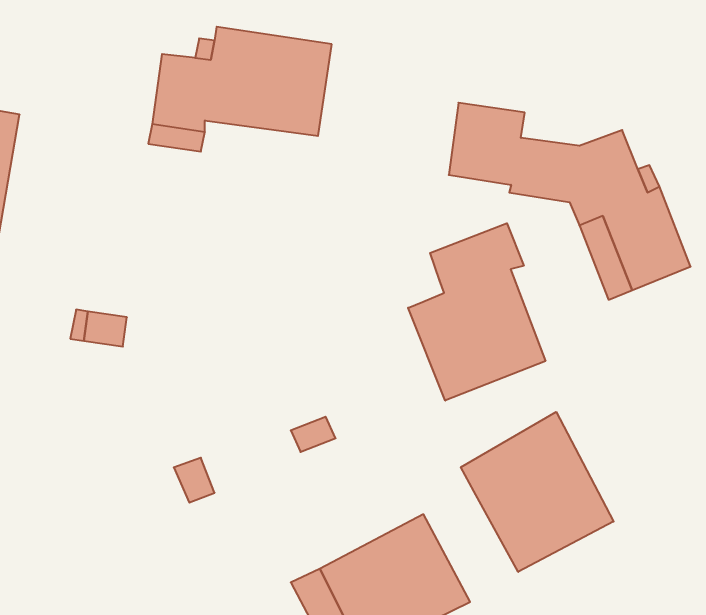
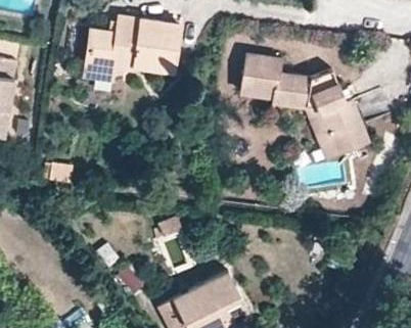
building: [408,223,545,401] -> none
building: [461,412,614,572] -> none

